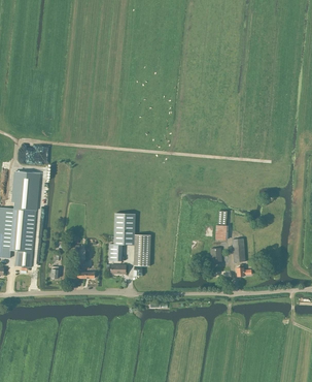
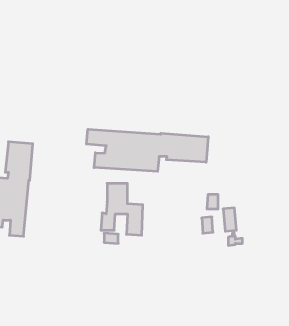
building: none -> [86,129,208,171]

